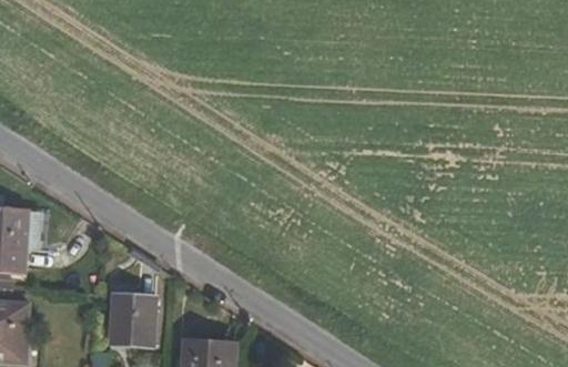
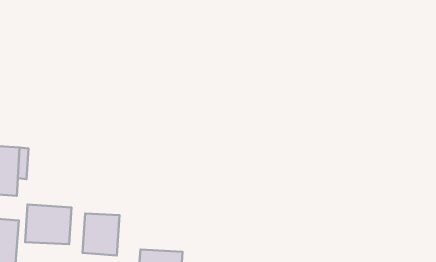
building: none -> [25,205,71,244]

